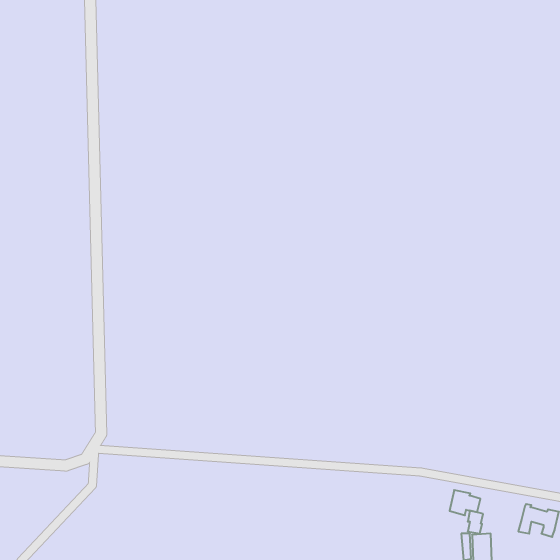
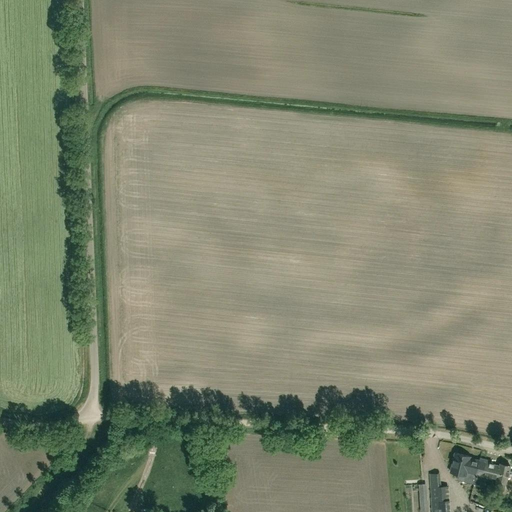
building: [450,490,480,515] -> [450,454,478,477]

